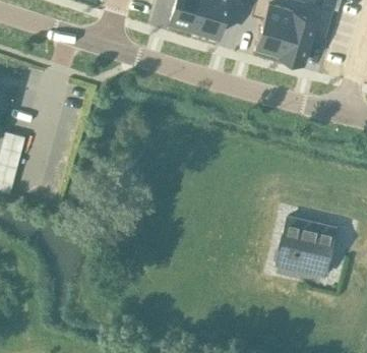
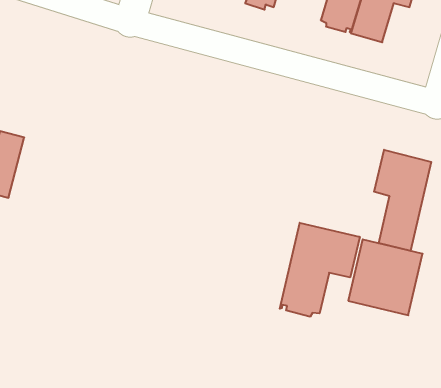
building: none -> [374,150,431,251]
building: none -> [280,223,360,317]

